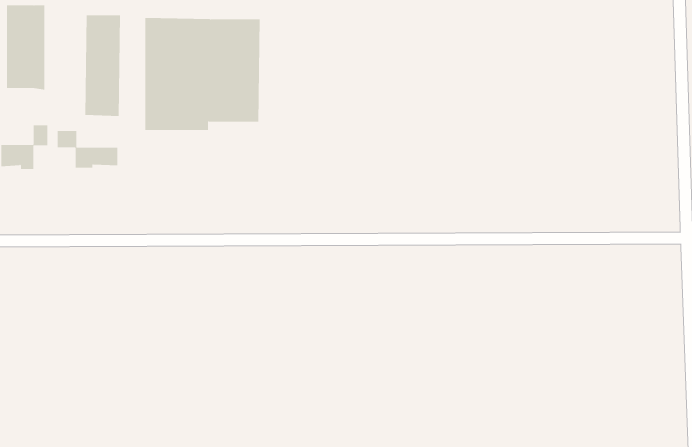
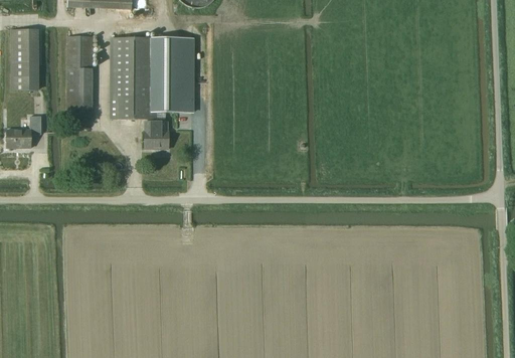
building: [57,130,118,169] -> none
building: none -> [145,119,169,148]

